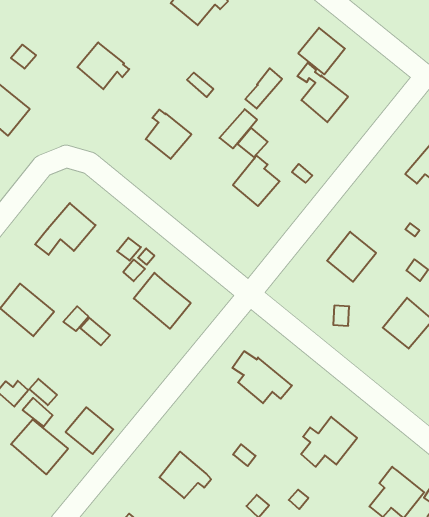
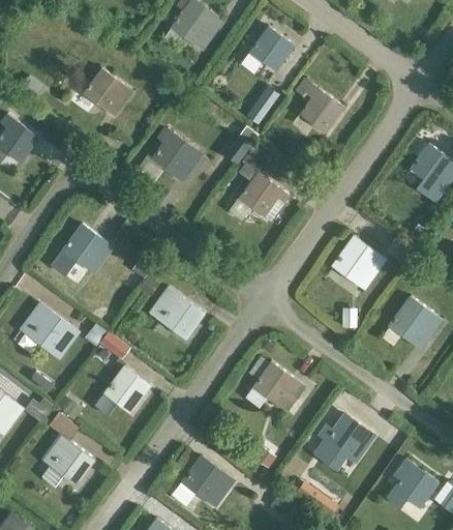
building: [298,28,345,74] -> [250,27,295,71]
building: [66,407,113,454] -> [104,367,150,412]

